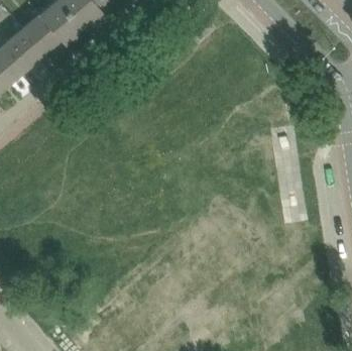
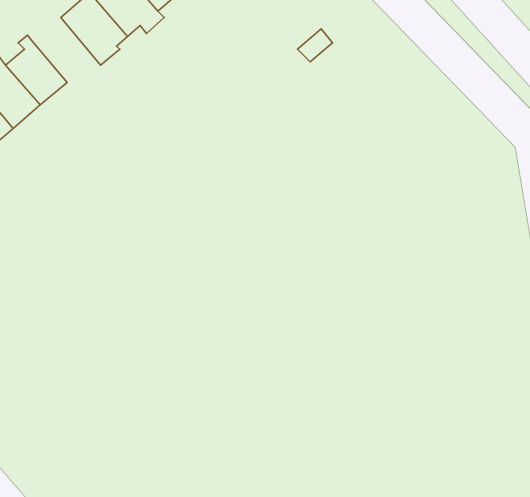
building: [22,10,66,55] -> none

